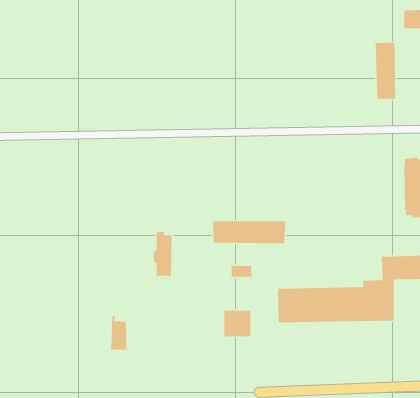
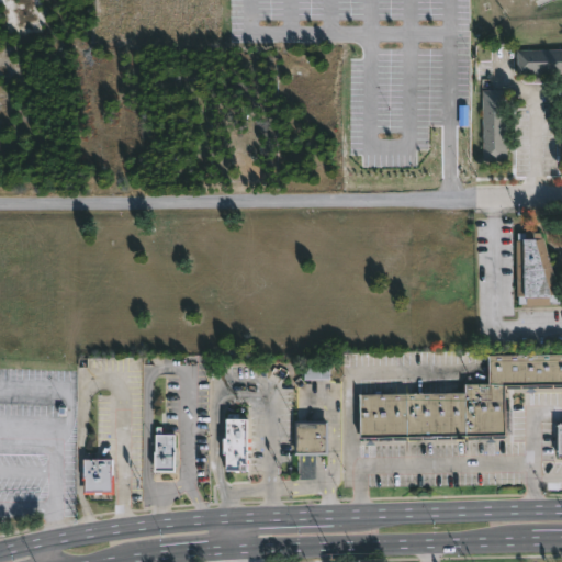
building: [213,220,286,244] -> none
building: [153,231,173,276] -> [223,414,247,470]
building: none -> [81,459,114,495]

